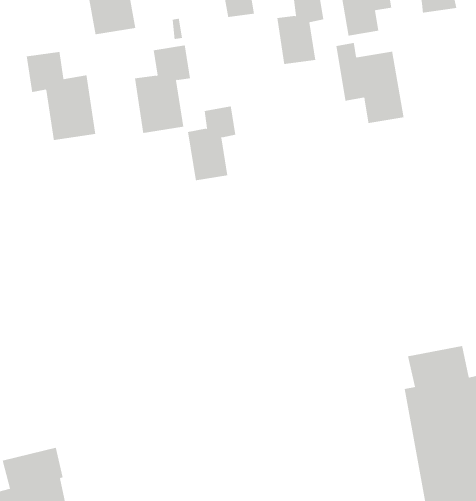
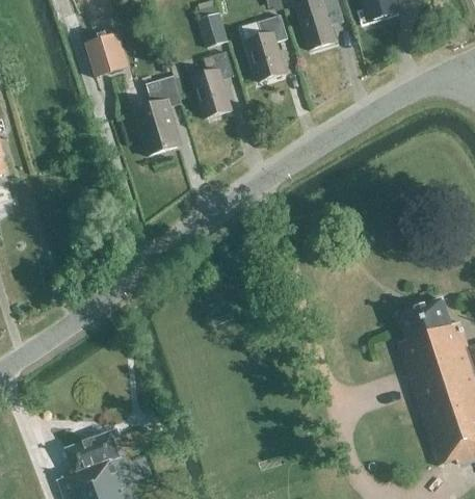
building: [336,42,404,124] -> none
building: [26,51,96,141] -> none
building: [187,106,236,181] -> [192,49,234,116]

